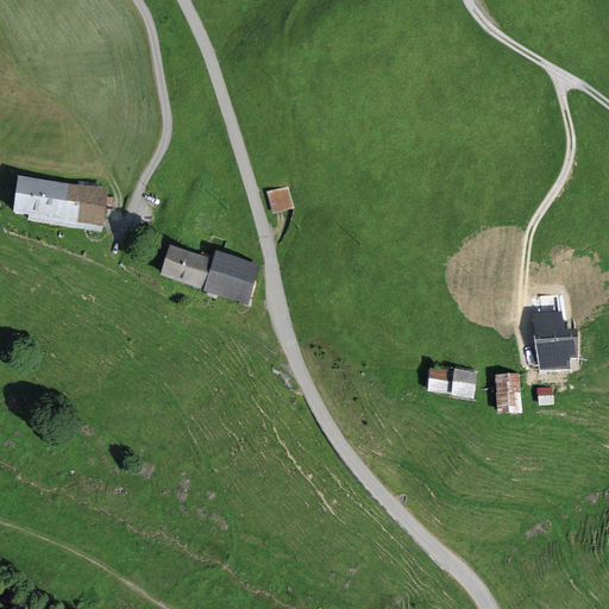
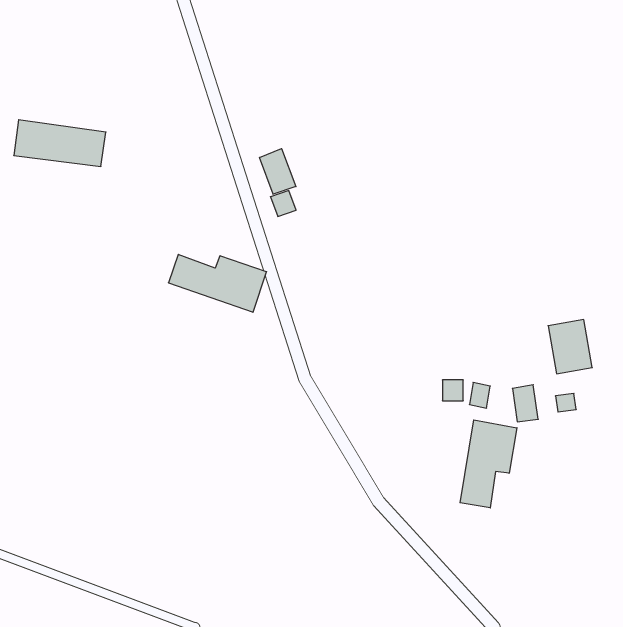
building: none -> [260,149,296,194]
building: [15,180,105,225] -> [14,120,106,166]
building: none -> [460,420,517,508]

